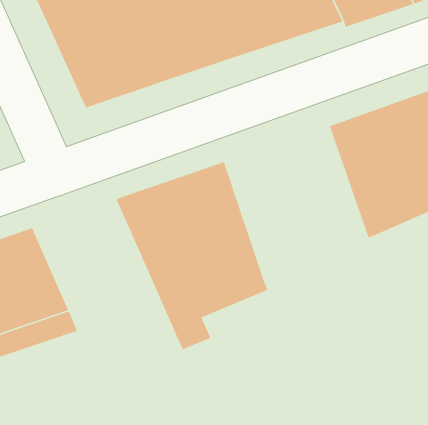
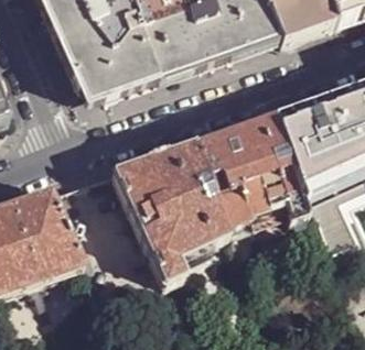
building: none -> [193,112,305,228]

